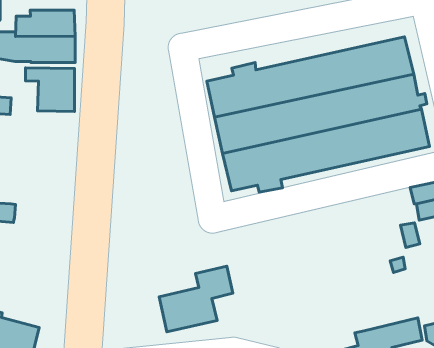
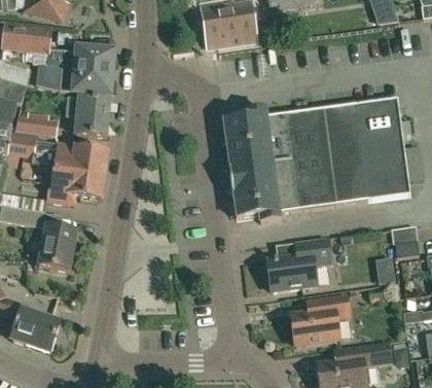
building: none -> [47,143,108,203]
building: none -> [39,224,77,271]
building: [159,266,233,332] -> [267,238,331,290]
building: none -> [291,293,349,344]

